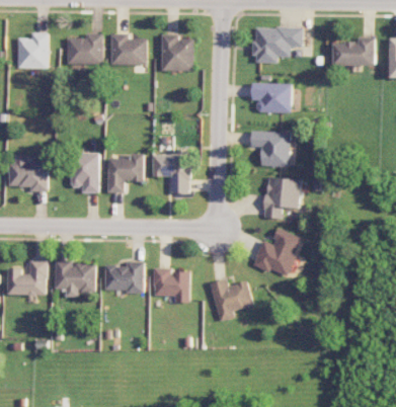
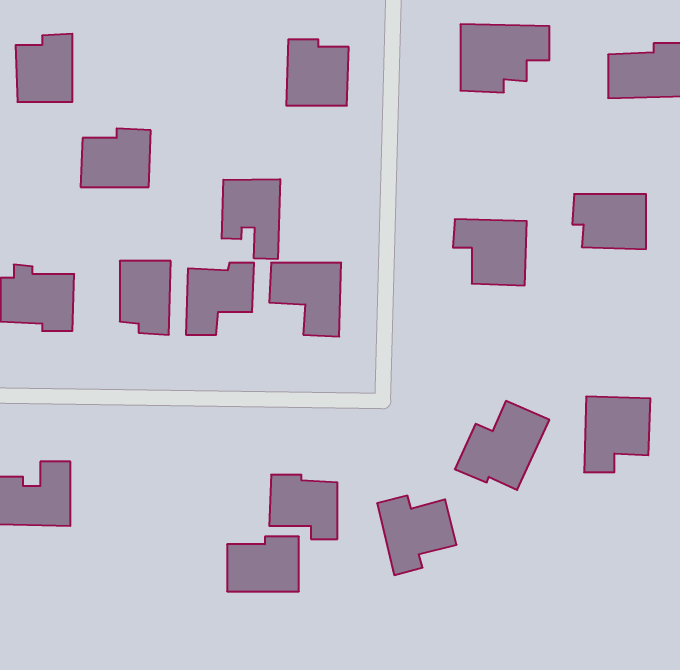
building: [66,33,103,65] -> [81,128,151,187]
building: [110,34,147,66] -> none
building: [251,84,291,113] -> [572,194,646,249]
building: none -> [222,179,280,259]
building: [264,178,300,219] -> [584,397,650,472]
building: [55,261,95,298] -> none
building: [104,262,143,292] -> [227,537,299,591]

